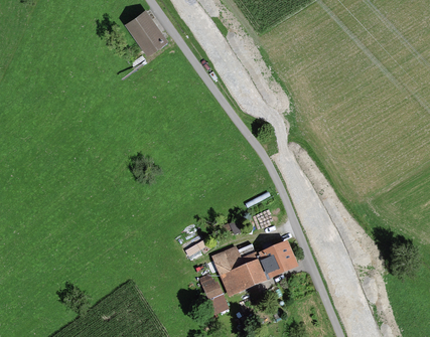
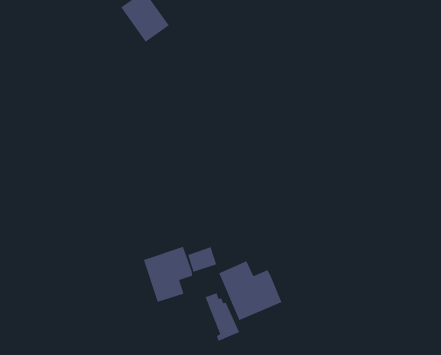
building: none -> [143,246,193,303]
building: [256,241,298,283] -> none

